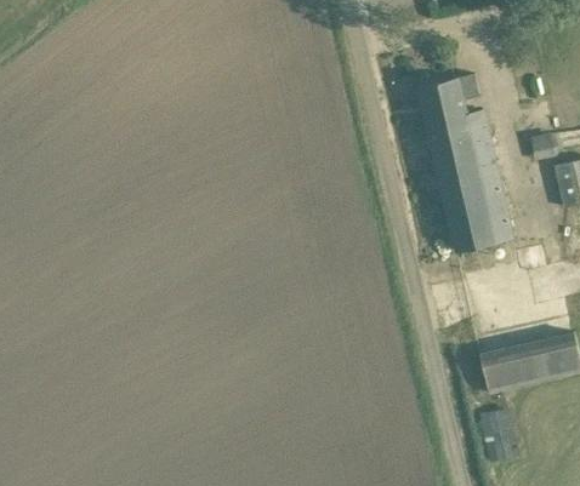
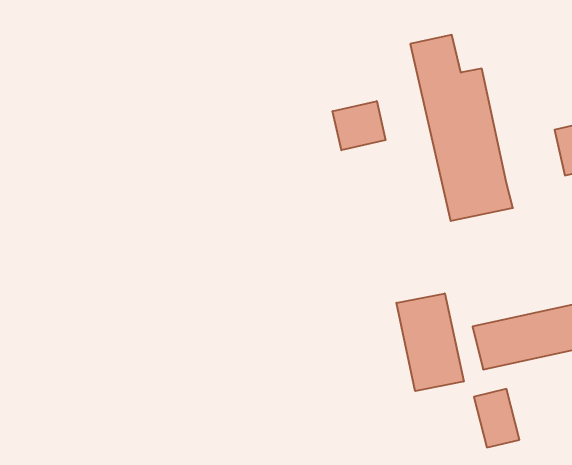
building: none -> [333,101,386,150]
building: none -> [396,293,464,391]

